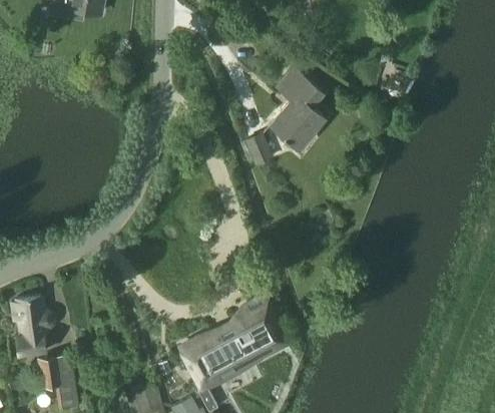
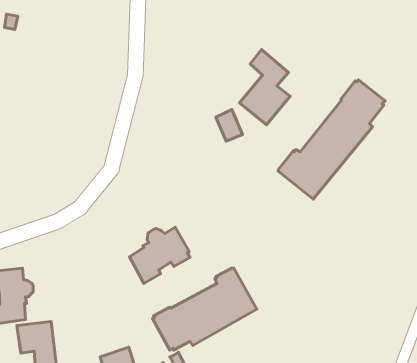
building: none -> [278,80,385,199]
building: none -> [129,227,190,284]

